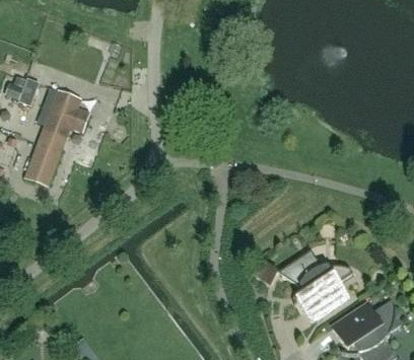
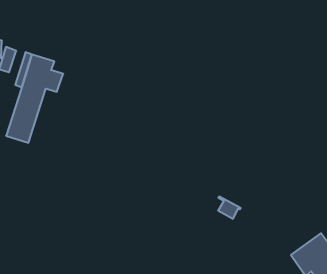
building: [282,250,351,322] -> none

